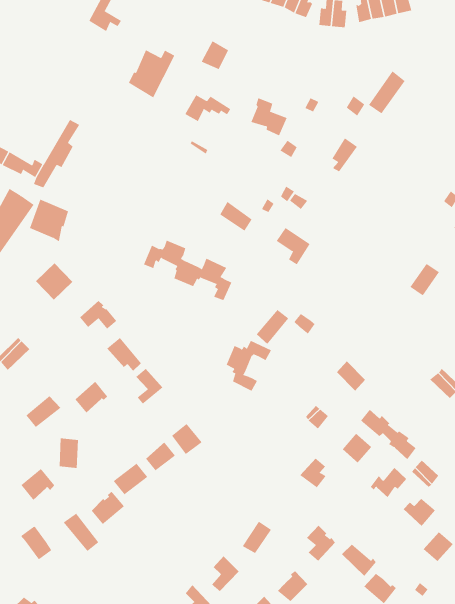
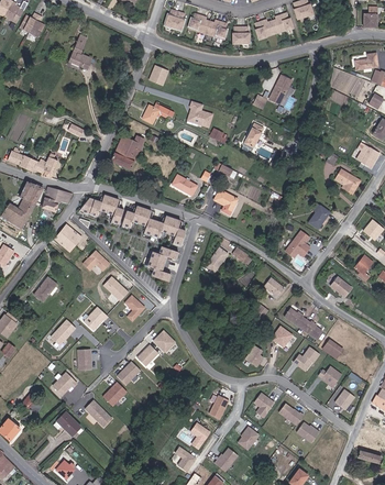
building: [128,50,175,98] -> [112,136,143,170]
building: none -> [80,194,124,223]
building: none -> [285,229,311,257]
building: [226,340,272,391] -> [149,246,179,282]

